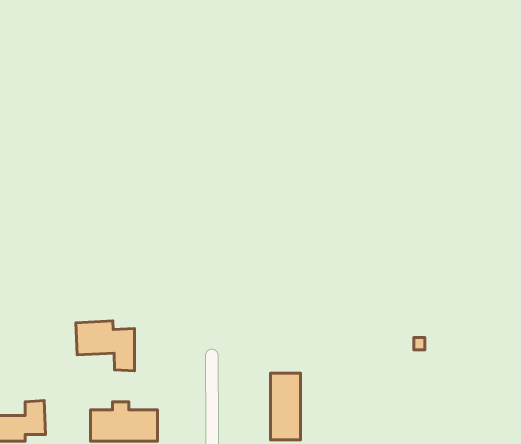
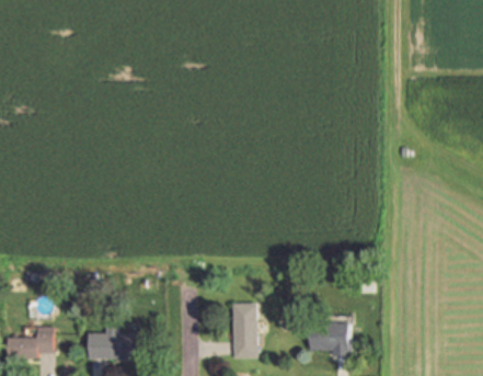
building: [76,321,135,371] -> none
building: none -> [309,323,348,356]

